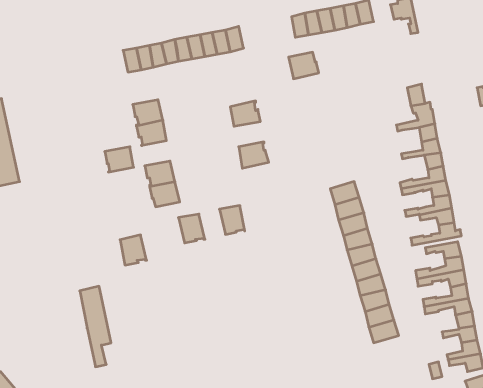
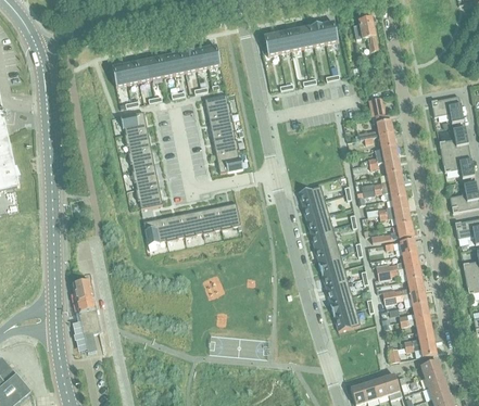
building: [289,52,319,79] -> [204,93,231,117]
building: none -> [212,130,239,153]
building: [105,147,134,172] -> [128,148,154,170]
building: none -> [217,202,240,229]
building: none -> [180,210,204,237]
building: [120,235,147,265] -> [143,217,167,244]

